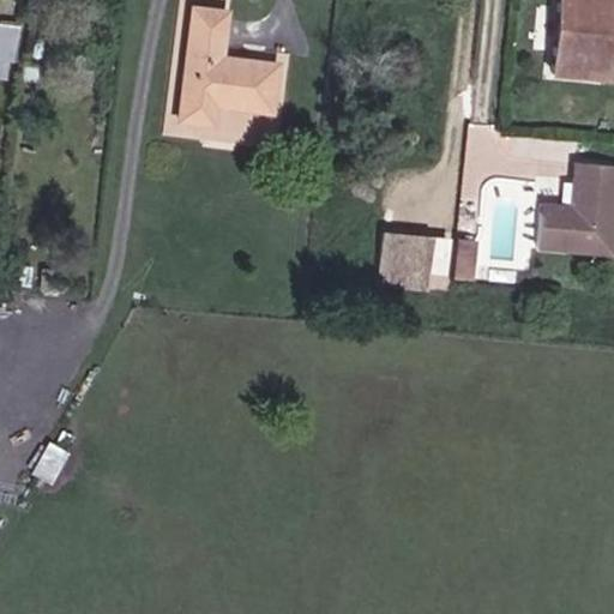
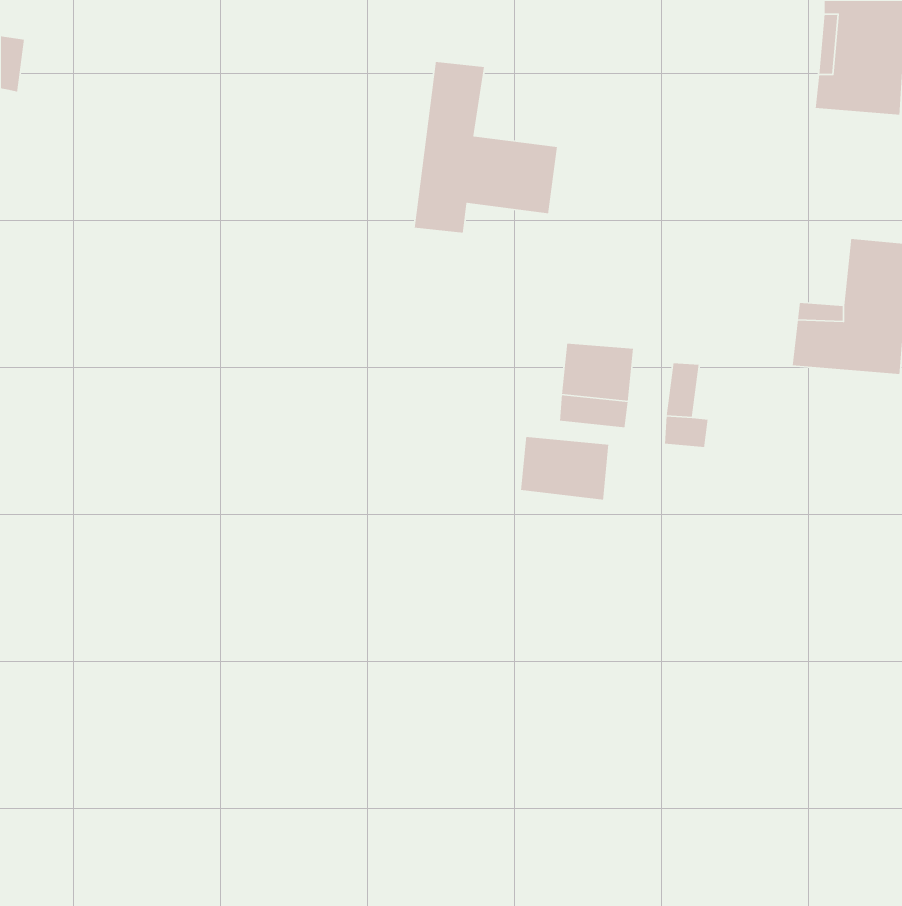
building: [181,8,278,125] -> [414,61,558,234]
building: none -> [520,436,609,500]

